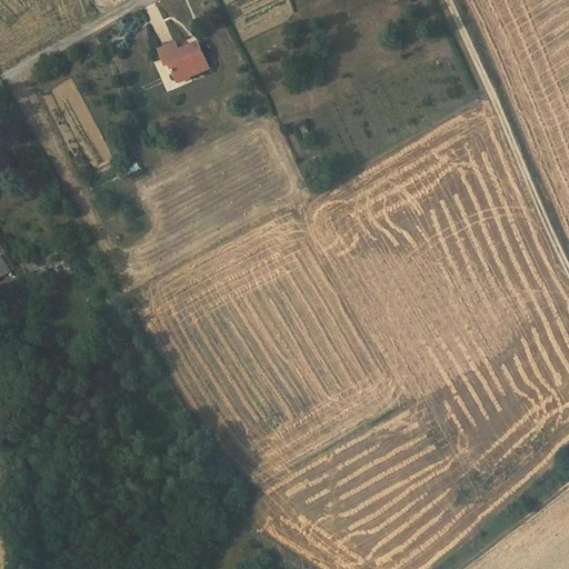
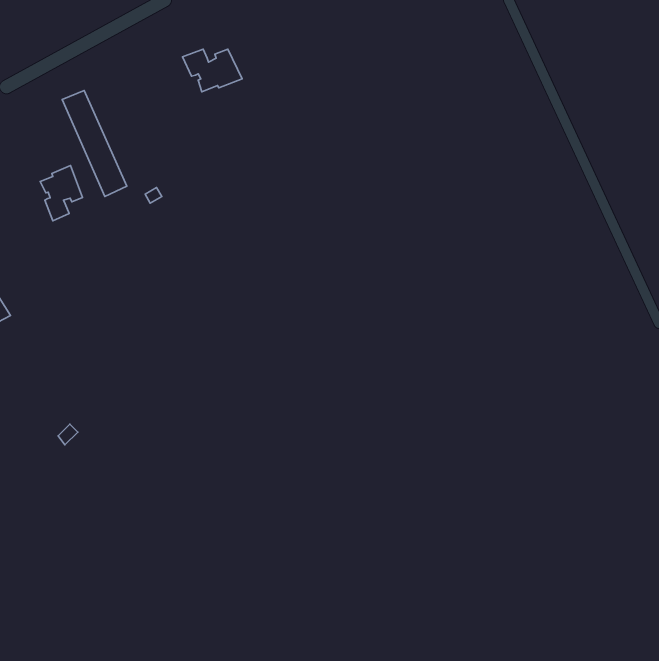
building: none -> [40,165,82,221]

